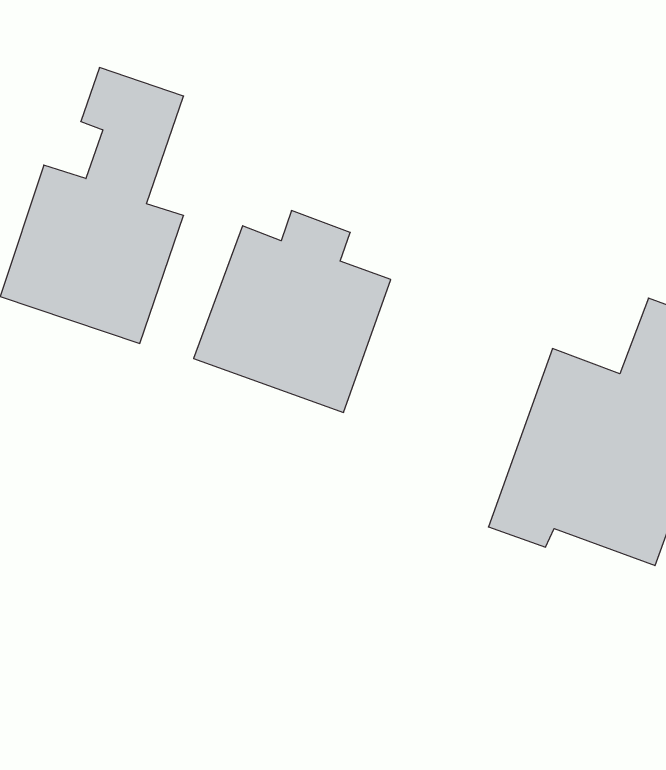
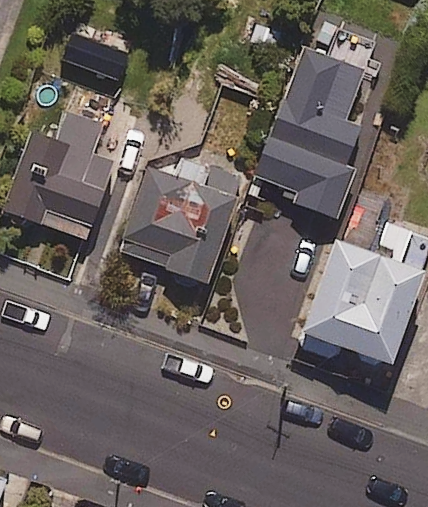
building: none -> [256,48,370,218]

